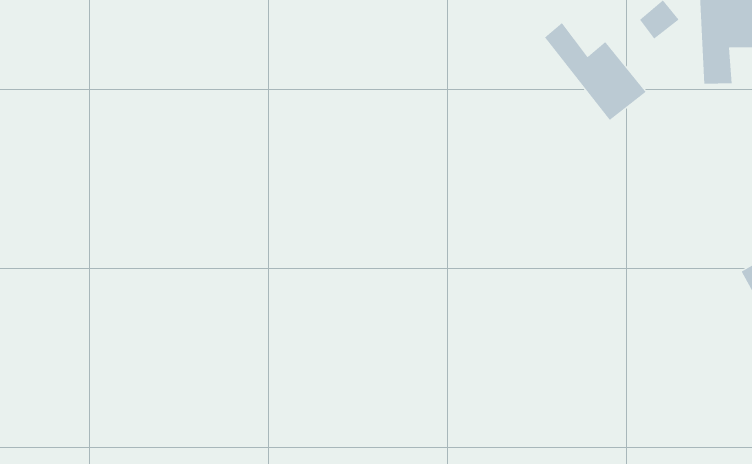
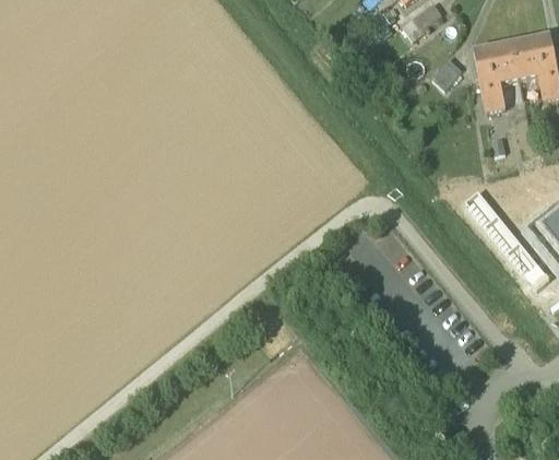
building: [544,22,646,121] -> none

